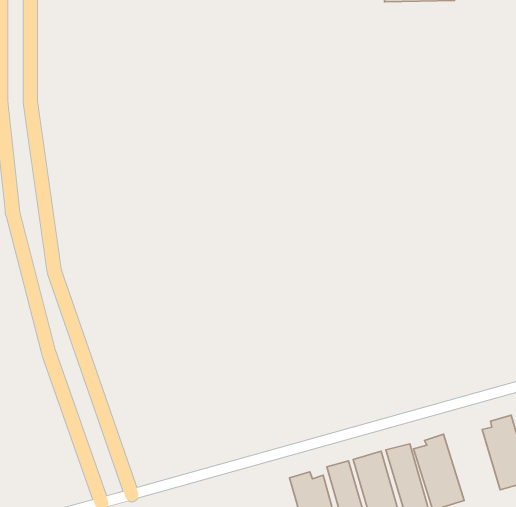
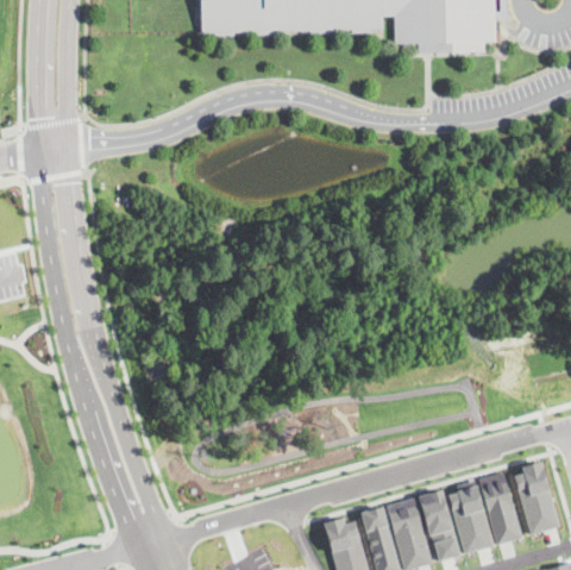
building: none -> [478,470,522,544]

